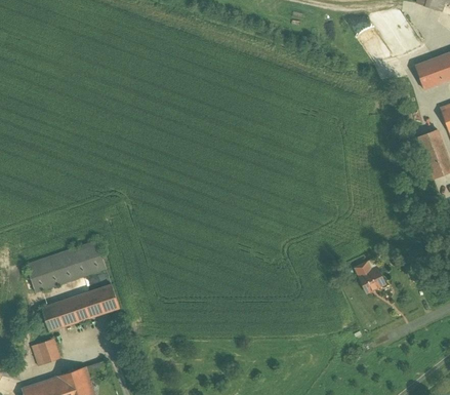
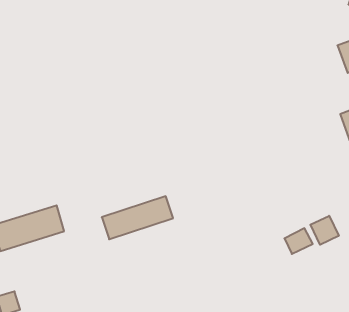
building: none -> [310,216,339,245]
building: [40,284,120,332] -> [102,196,173,239]

